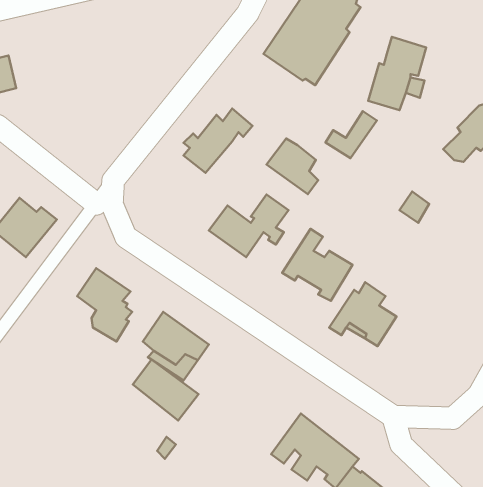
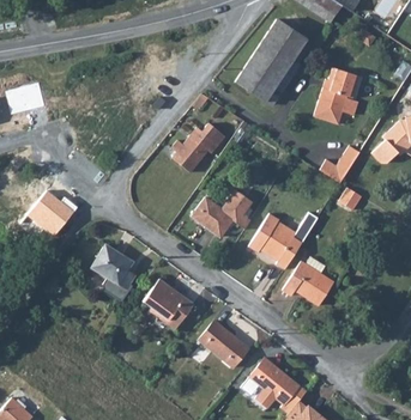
building: [325,111,377,158] -> [321,146,361,182]
building: [266,138,318,194] -> none
building: [133,360,198,421] -> [198,321,248,367]

